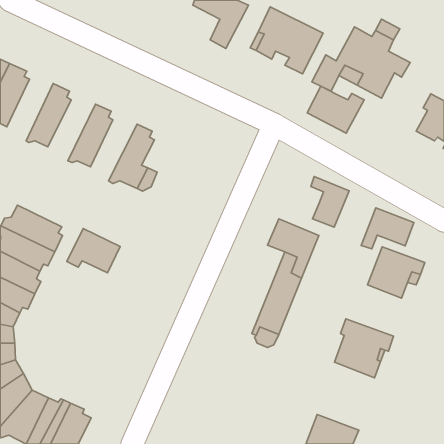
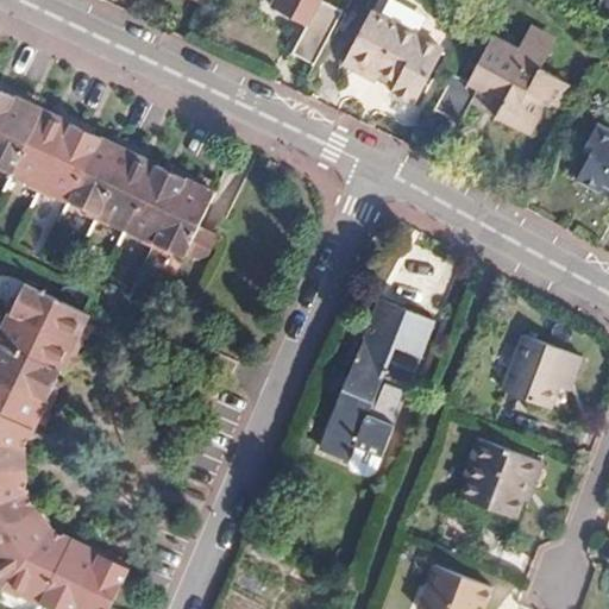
building: none -> [10,105,73,193]
building: [307,86,364,133] -> none
building: none -> [65,132,131,220]
building: none -> [124,161,188,247]
building: [311,176,349,227] -> none
building: [361,208,414,249] -> none
building: [67,229,120,273] -> none
building: none -> [321,335,390,457]

